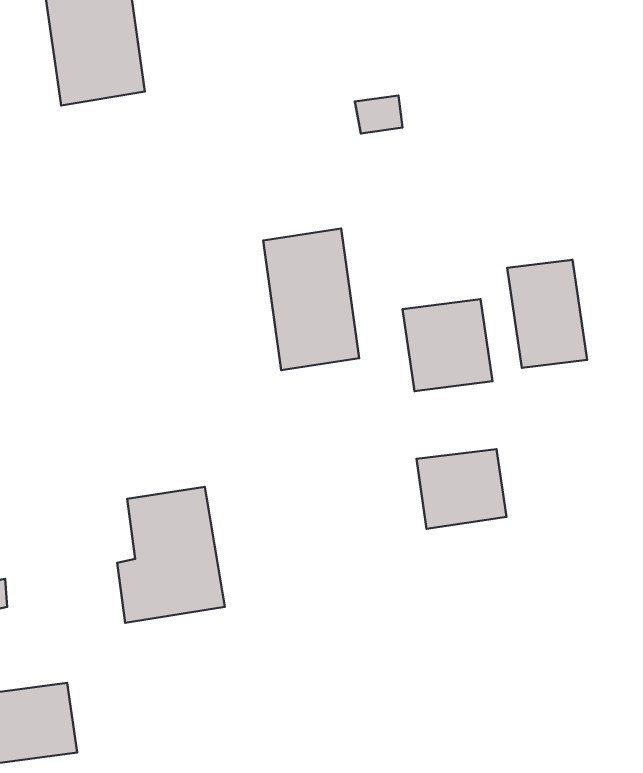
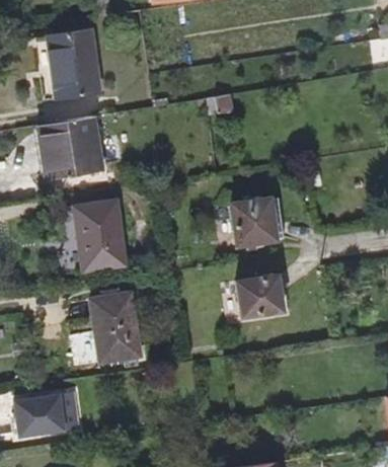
building: none -> [38,115,101,181]
building: [263,228,359,370] -> [78,200,127,271]
building: [507,260,587,368] -> none

